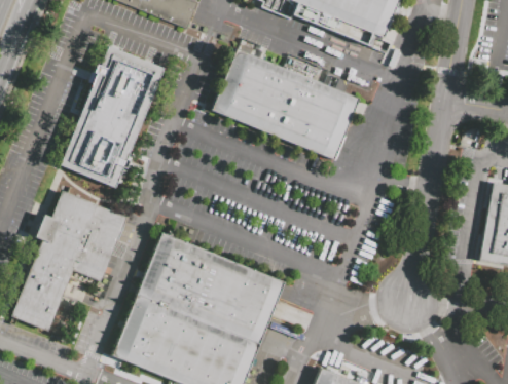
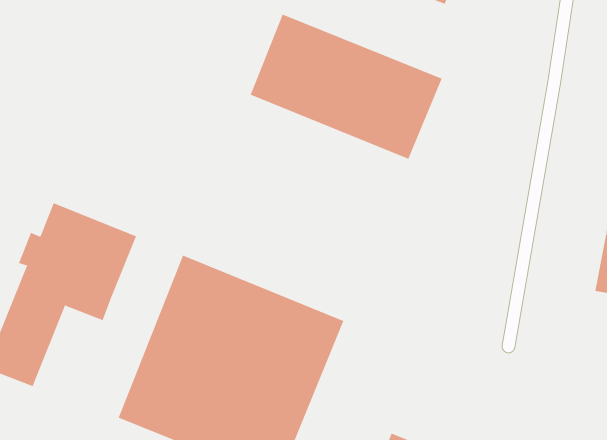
building: [62,45,166,189] -> none

